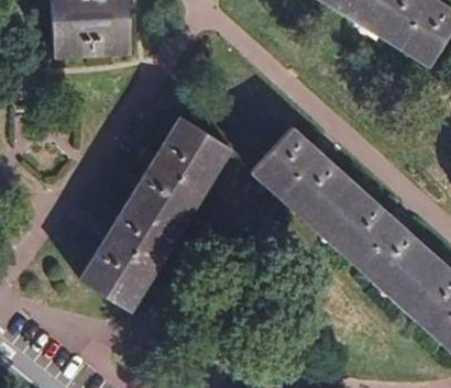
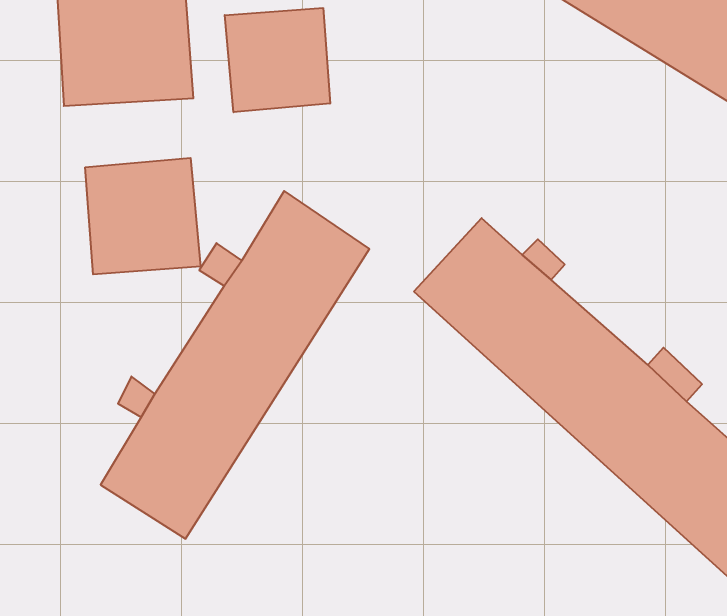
building: none -> [225,8,330,112]
building: none -> [85,158,200,274]

